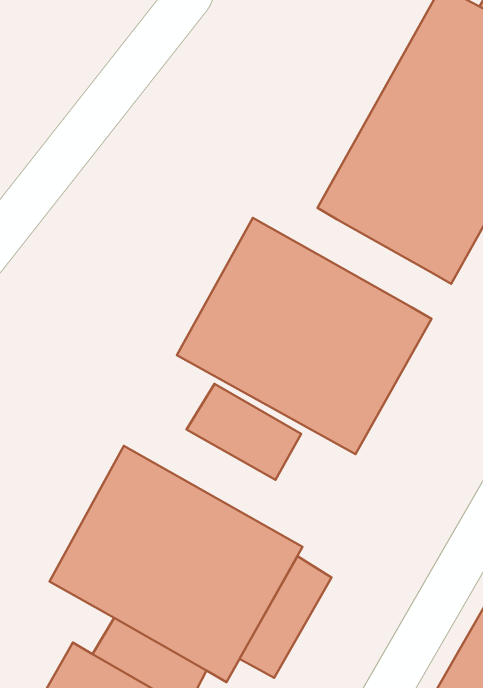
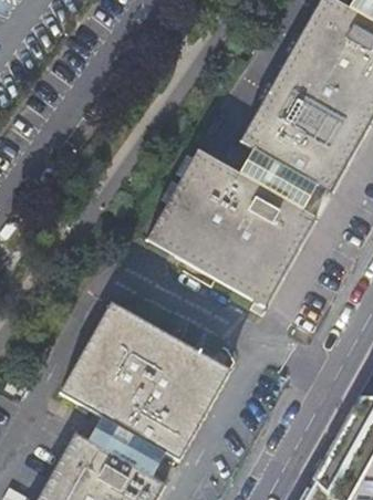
building: none -> [240,150,317,209]
building: [187,384,301,480] -> none
building: [240,556,331,678] -> none

